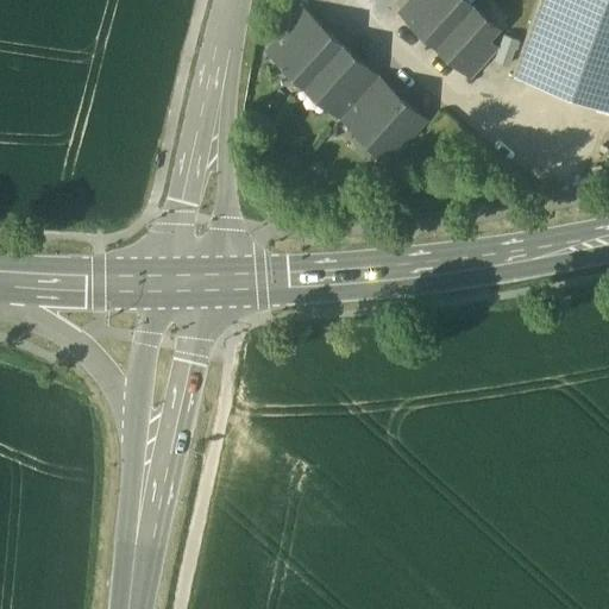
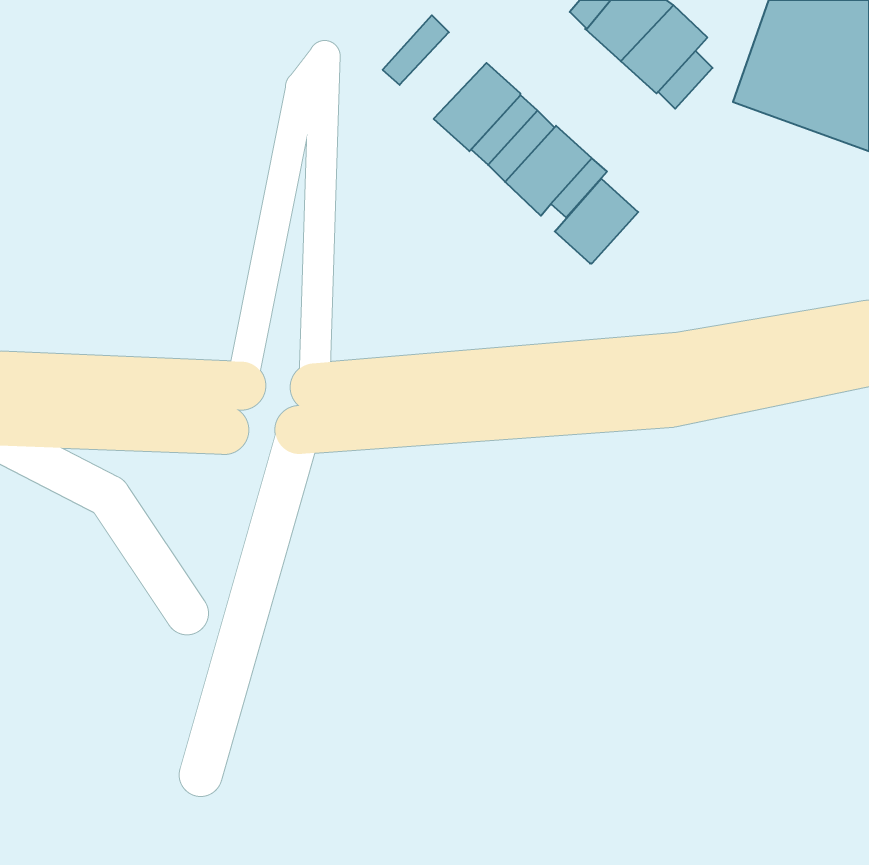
building: [278,24,340,86] -> none
building: none -> [555,178,638,264]

